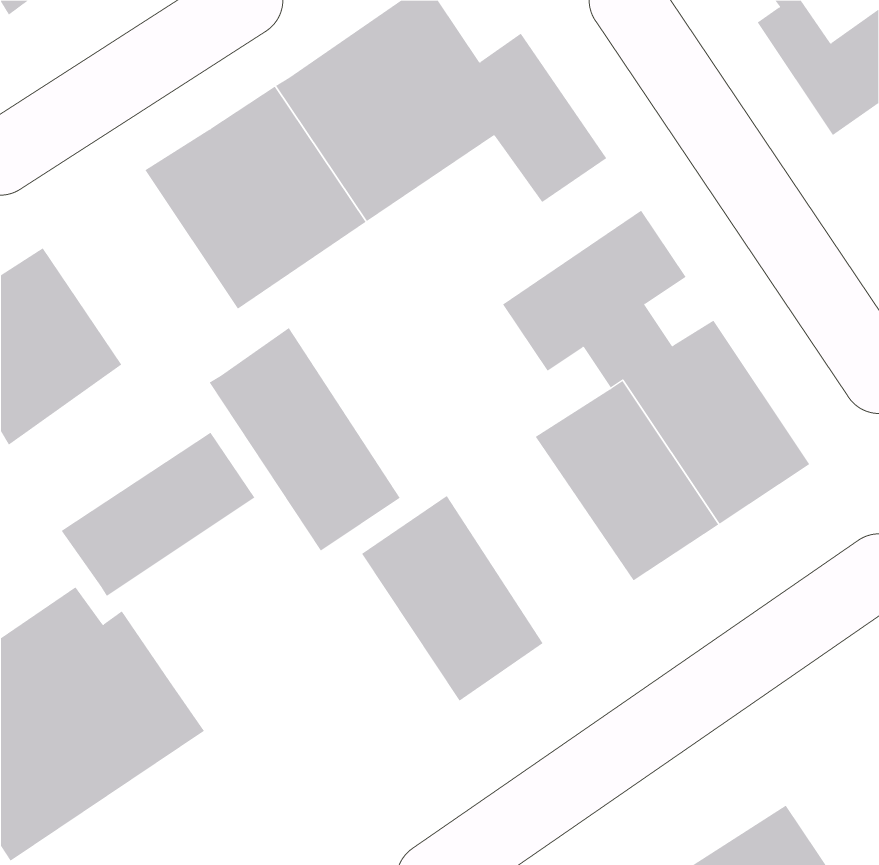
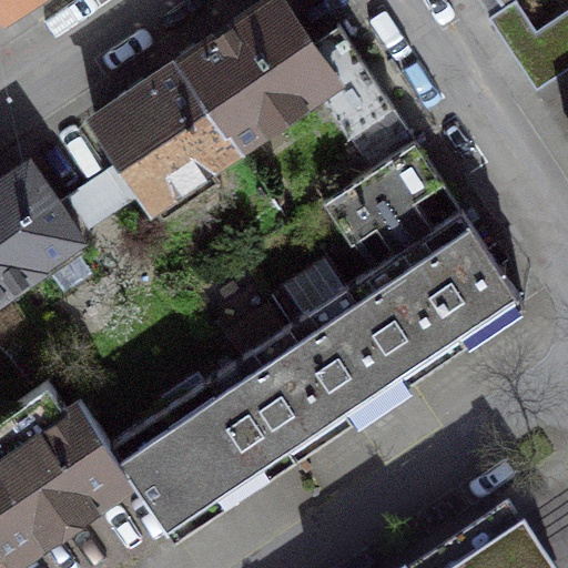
building: [209,327,401,552] -> none
building: [61,432,255,597] -> none
building: none -> [288,291,408,424]
building: none -> [110,366,296,544]

